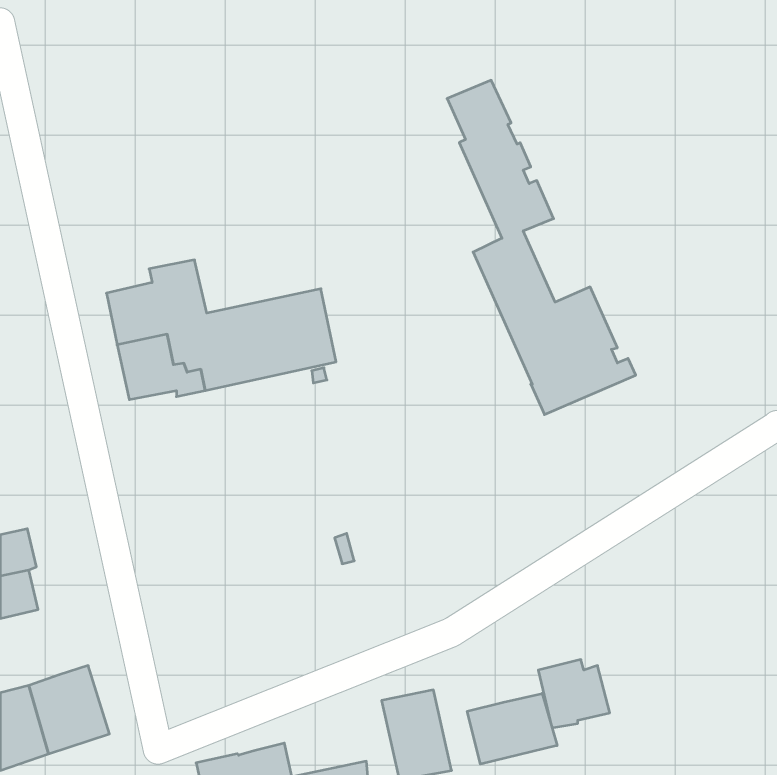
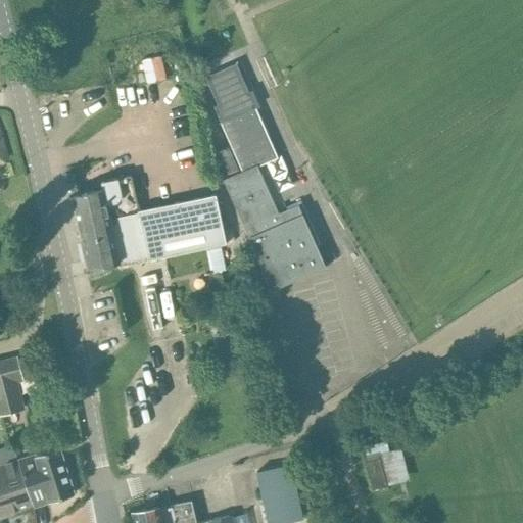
building: [447,80,636,415] -> [205,65,332,290]
building: [467,693,557,764] -> none

